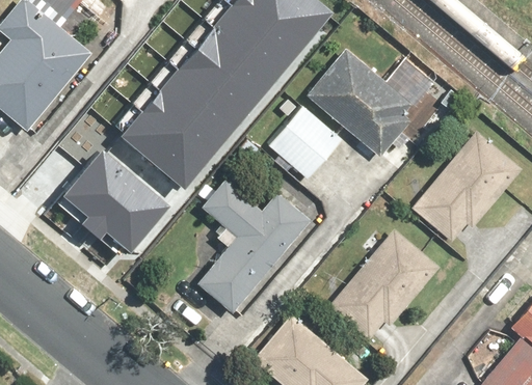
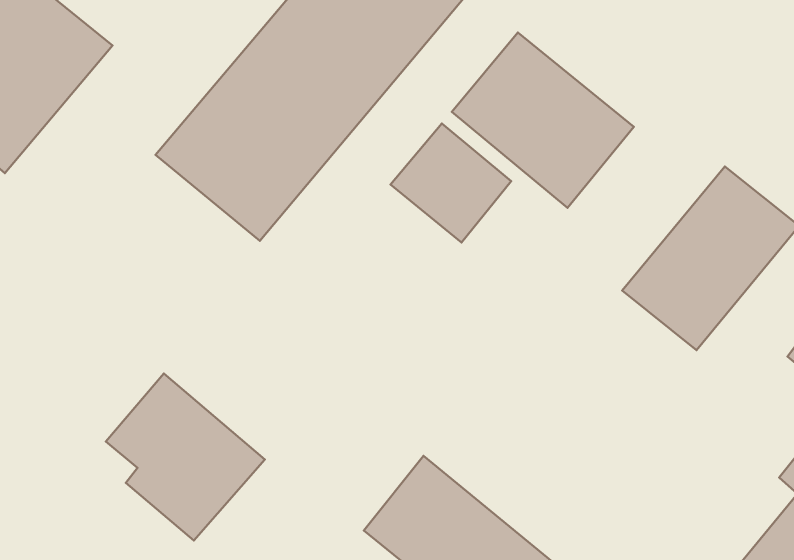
building: [69,145,168,250] -> [106,374,265,541]
building: [193,184,314,319] -> none
building: [330,230,444,348] -> none

